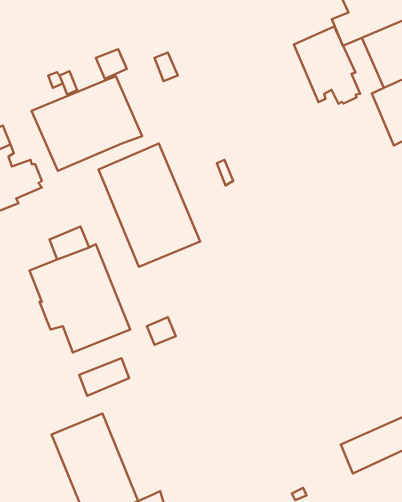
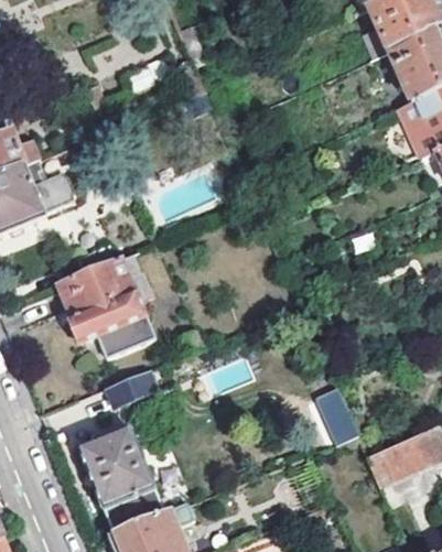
building: [294,26,360,104] -> none
building: [32,76,142,171] -> none
building: [99,143,200,267] -> none
building: none -> [314,387,357,444]

